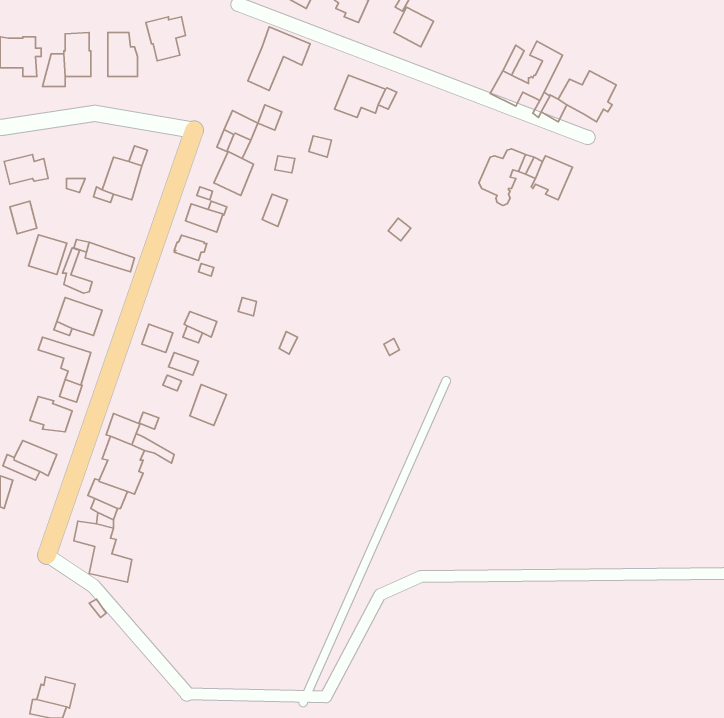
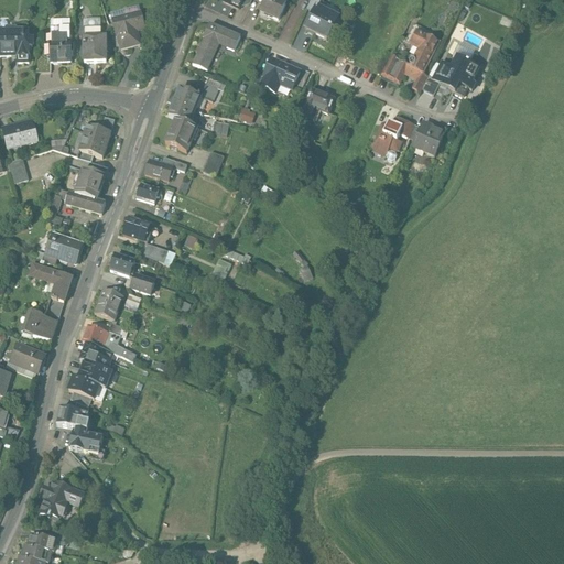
building: none -> [301,88,335,120]
building: [29,235,67,274] -> [75,166,105,197]
building: none -> [123,217,151,242]
building: [190,385,227,426] -> [95,286,123,318]
building: none -> [40,480,84,517]

